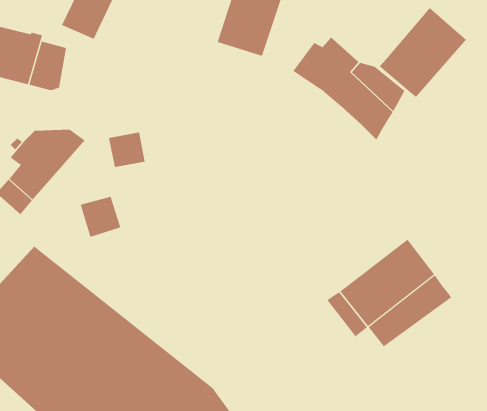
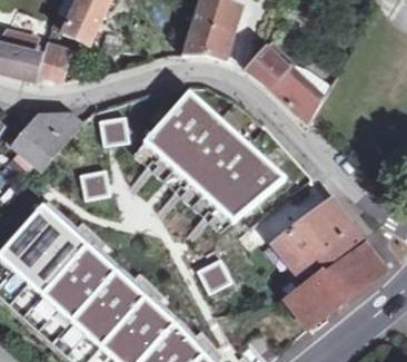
building: [379,7,467,98] -> none
building: none -> [143,91,282,218]
building: none -> [289,244,386,324]

